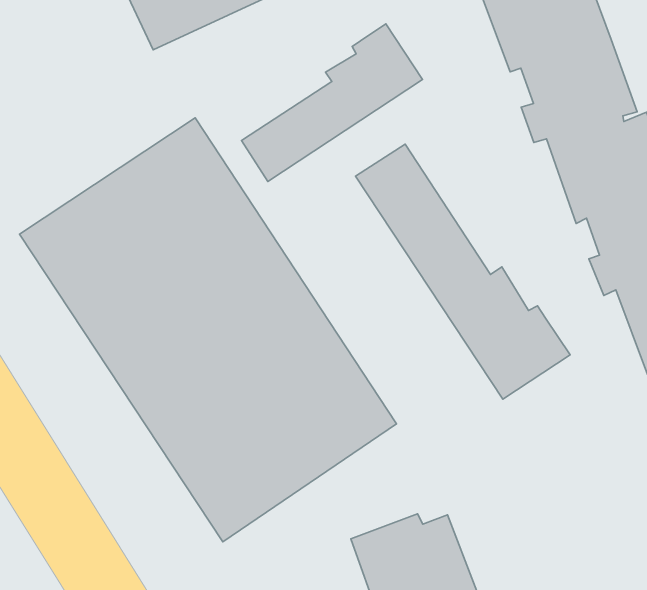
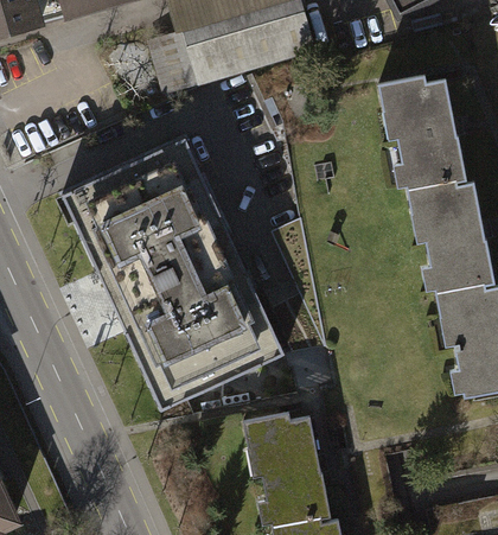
building: [241,24,423,181] -> none
building: [355,144,570,399] -> none

